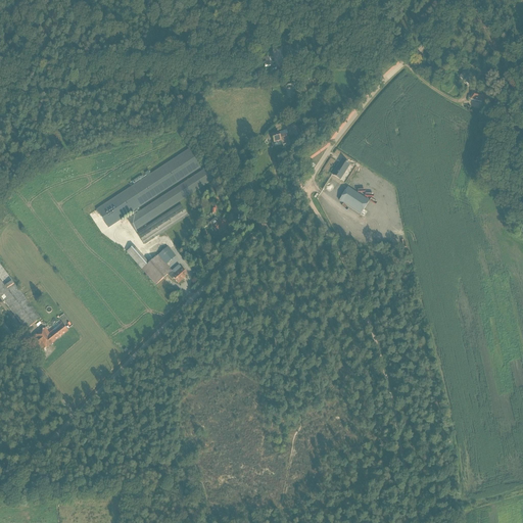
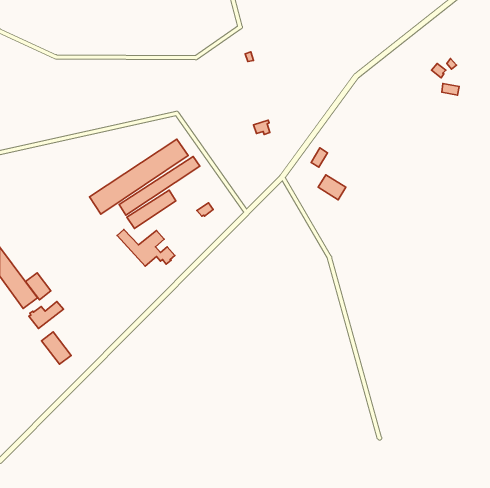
building: none -> [26,273,51,300]
building: none -> [42,332,71,364]

